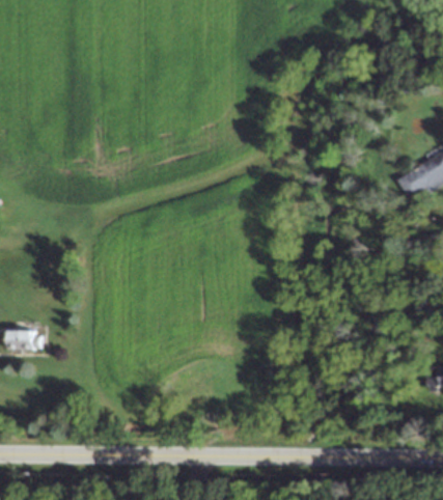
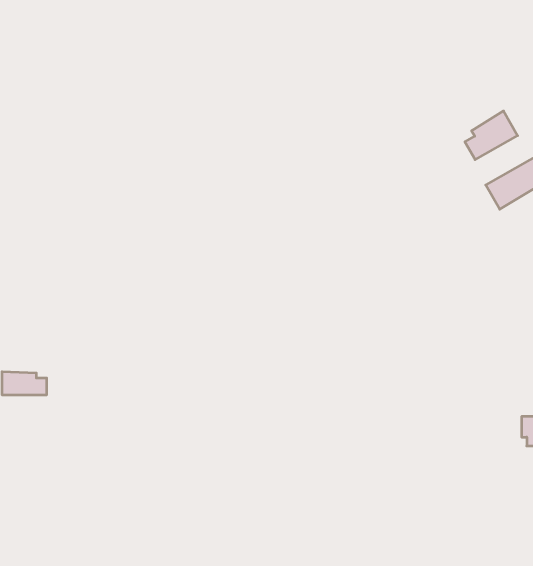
building: none -> [465,111,518,160]

